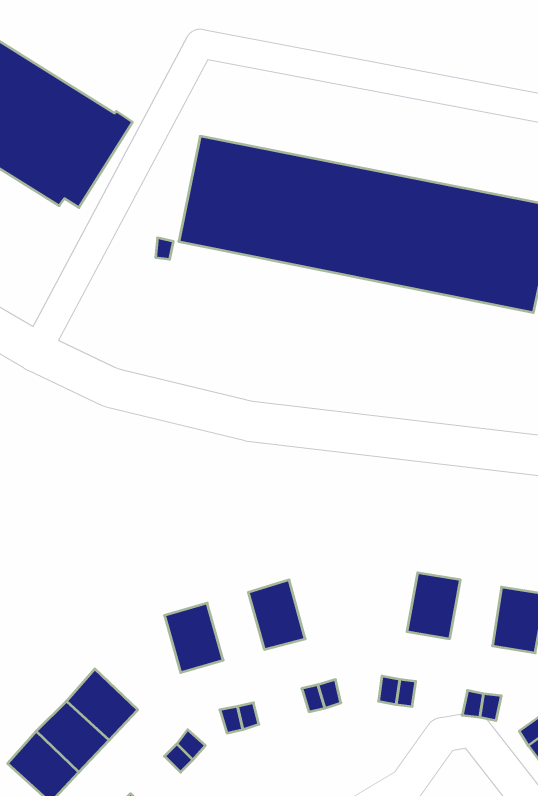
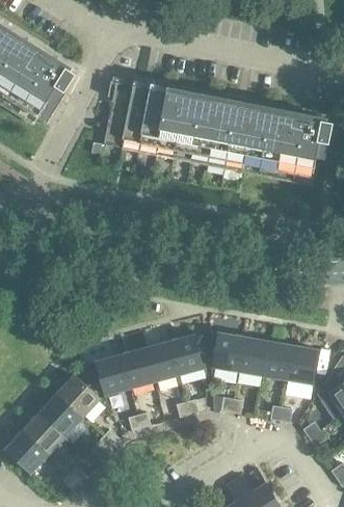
building: none -> [214,332,245,371]
building: none -> [170,335,205,375]
building: none -> [264,341,294,379]
building: none -> [123,348,156,388]
building: none -> [57,374,100,417]

